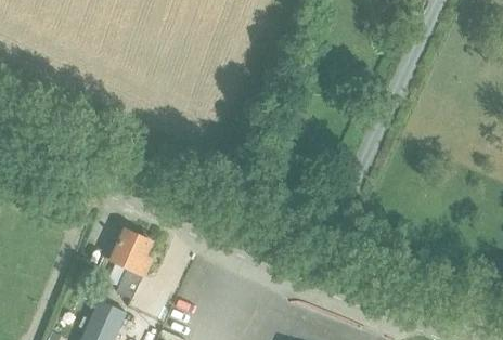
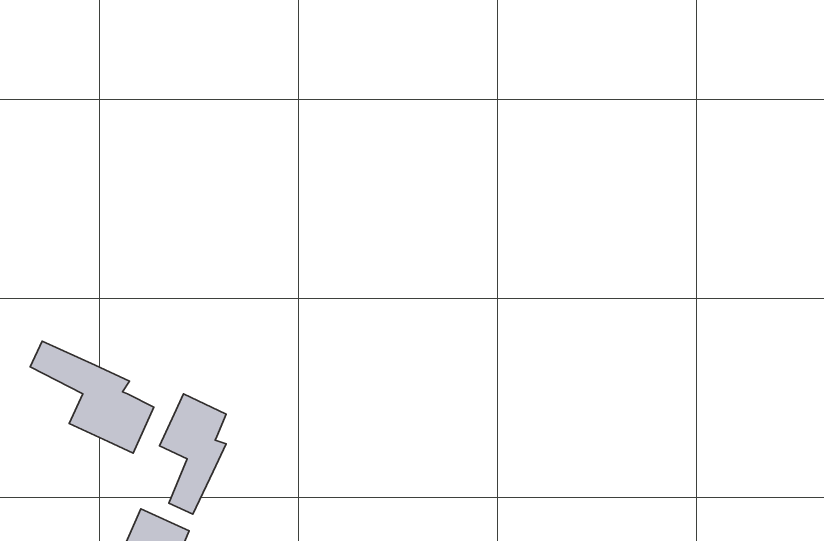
building: none -> [30,341,154,453]

